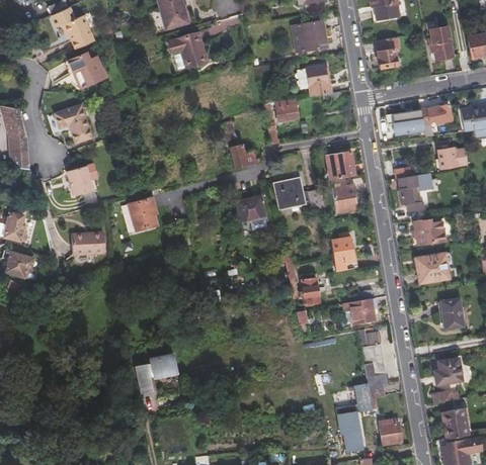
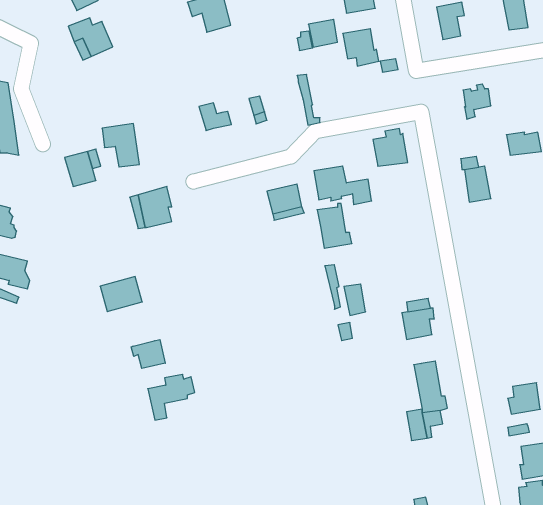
building: [275,96,300,119] -> [308,19,337,47]
building: [52,101,83,137] -> [102,124,139,167]
building: [425,108,455,127] -> none
building: [229,143,256,166] -> [199,103,231,131]
building: [331,183,355,211] -> none
building: [417,221,449,249] -> none
building: [74,229,109,259] -> [100,277,142,312]
building: [329,234,358,271] -> [317,204,352,248]
building: [419,256,453,285] -> none
building: [439,301,463,332] -> none
building: none -> [131,340,165,368]
building: [336,409,360,449] -> none
building: [379,420,403,443] -> none

